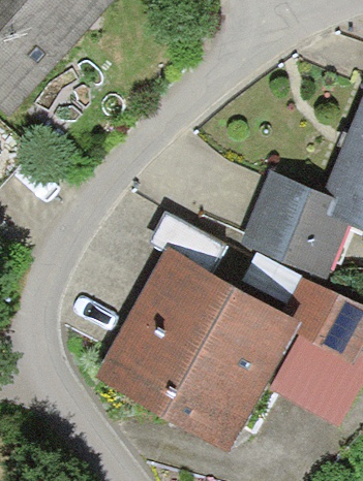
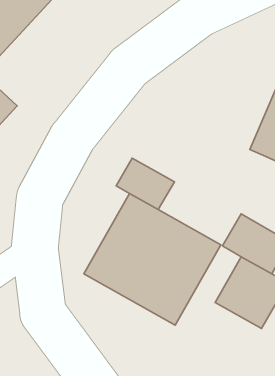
building: [249,183,337,264] -> none

